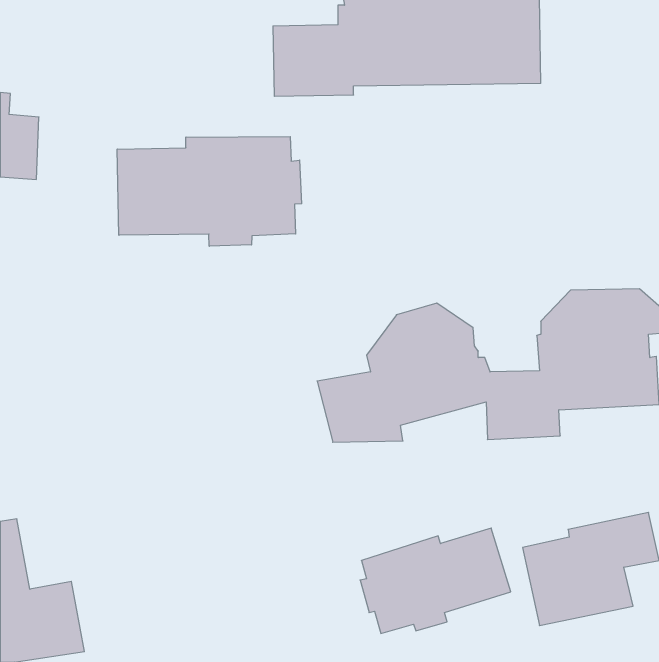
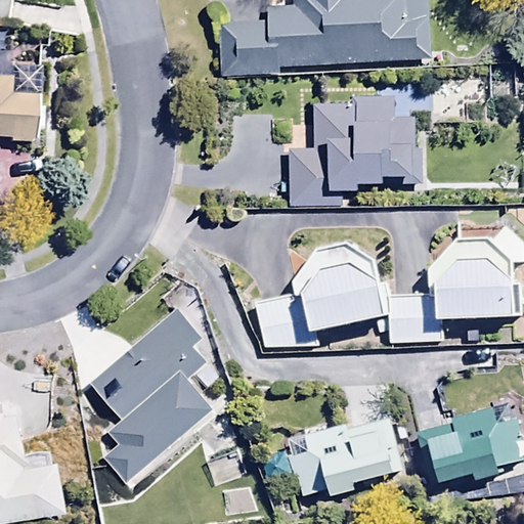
building: none -> [291,94,416,205]
building: [117,137,302,246] -> none
building: none -> [90,305,216,485]

